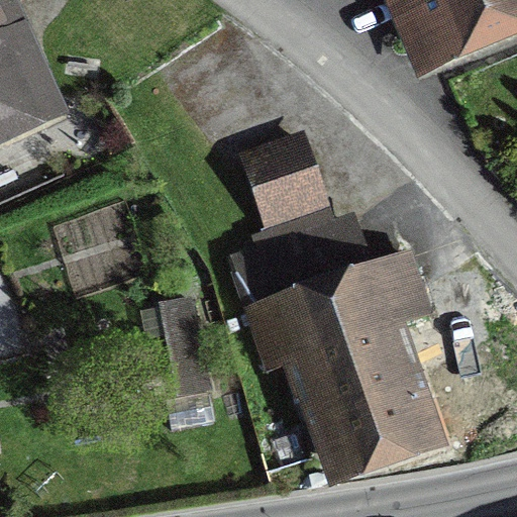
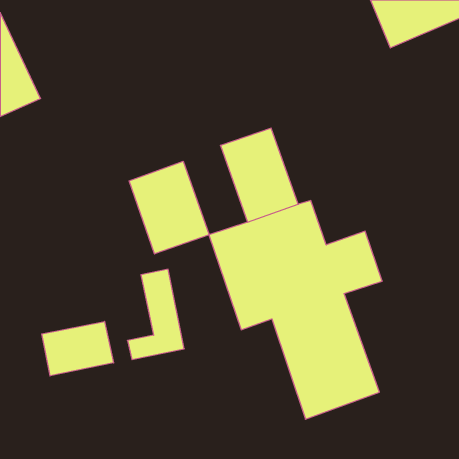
building: none -> [129,161,209,254]
building: none -> [42,321,114,376]

